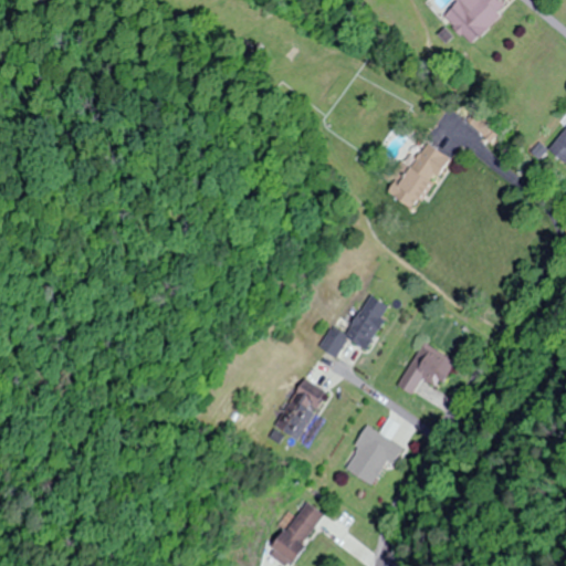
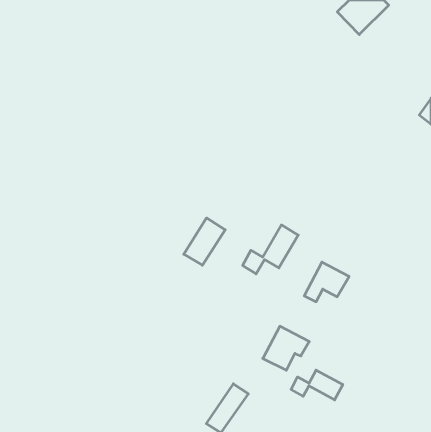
building: [385,143,450,210] -> none
building: [273,378,327,440] -> [184,218,225,265]
building: none -> [291,370,343,400]

